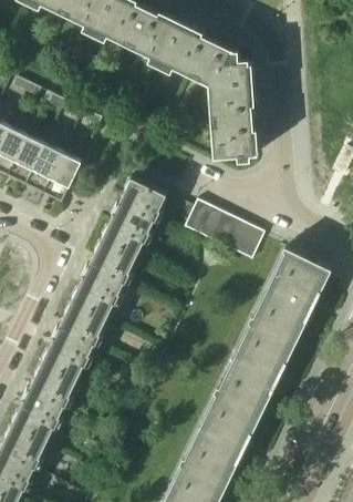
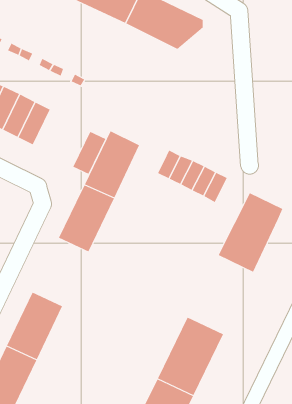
building: [208,59,258,156] -> none
building: [42,153,81,203] -> [73,131,106,175]
building: [41,300,106,379] -> none
building: [219,320,295,411] -> none

